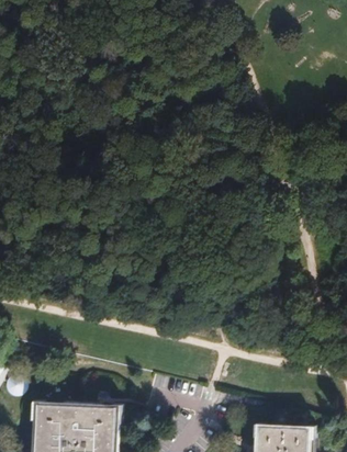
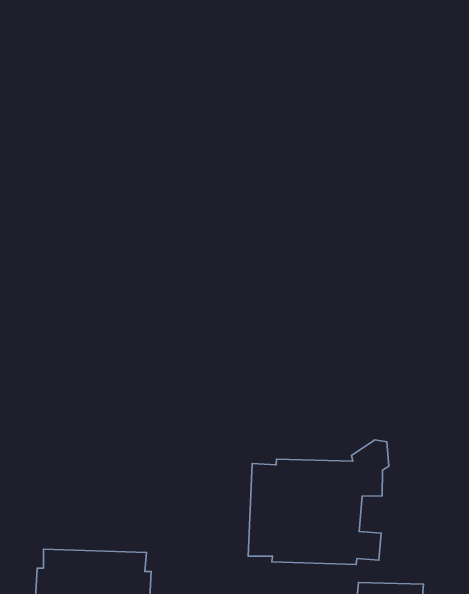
building: none -> [248,440,389,564]

